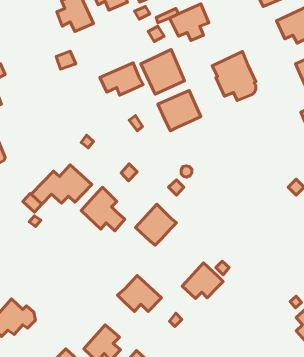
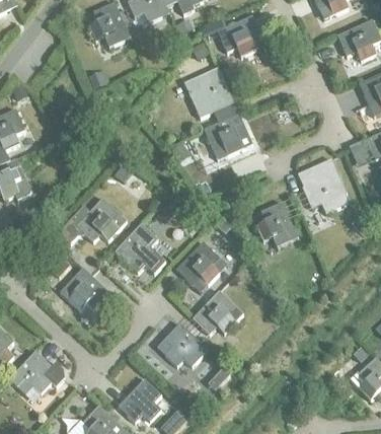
building: [212,51,256,101] -> [296,157,346,213]
building: [100,63,143,95] -> none
building: none -> [255,202,297,245]
building: none -> [68,269,110,310]
building: [182,263,223,299] -> [195,292,241,333]

